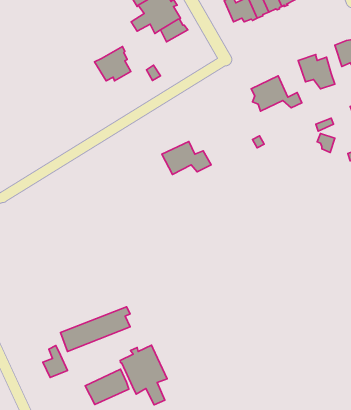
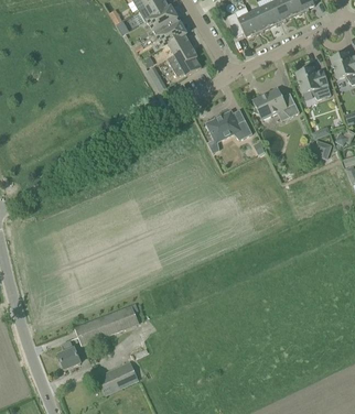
building: [94,47,131,81] -> [166,43,201,75]
building: [162,141,211,174] -> [206,110,252,141]
building: [120,345,167,405] -> none

